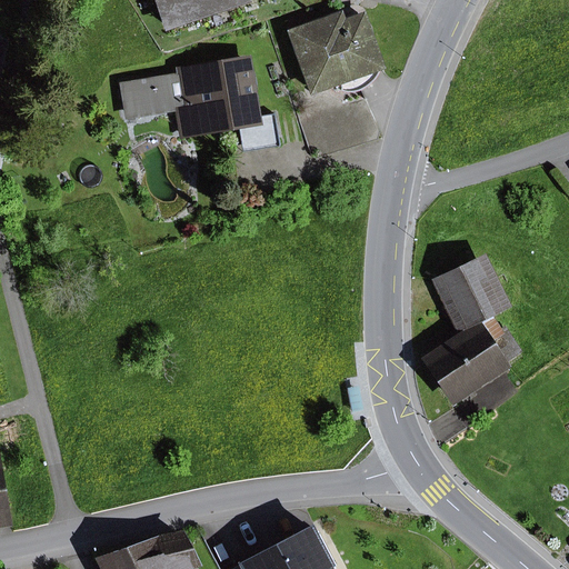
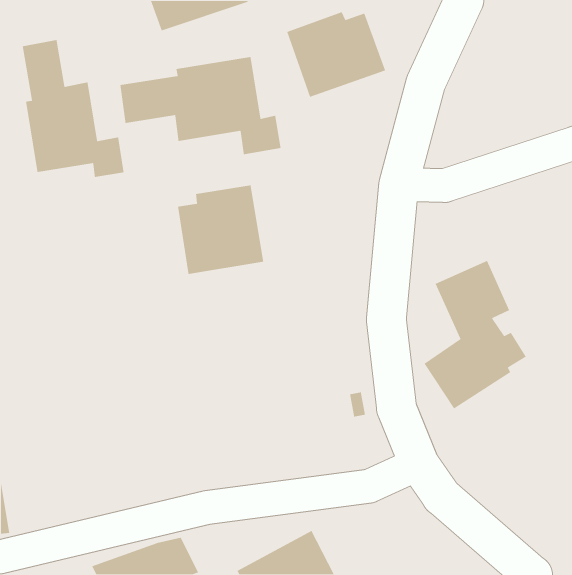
building: none -> [22,39,125,178]
building: none -> [177,185,264,275]

